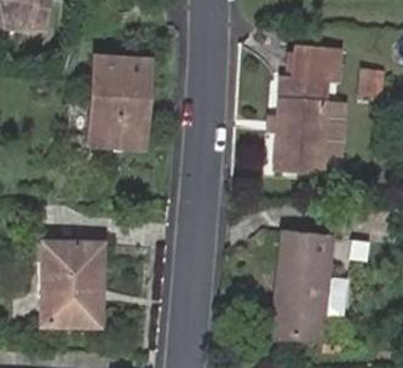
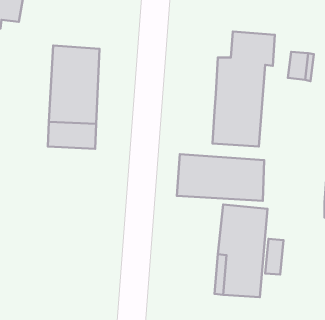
building: none -> [177,154,264,201]
building: [41,241,99,318] -> none

